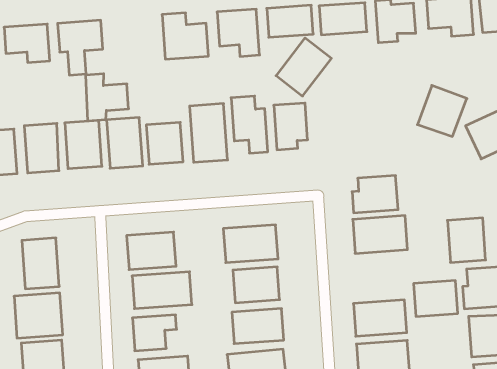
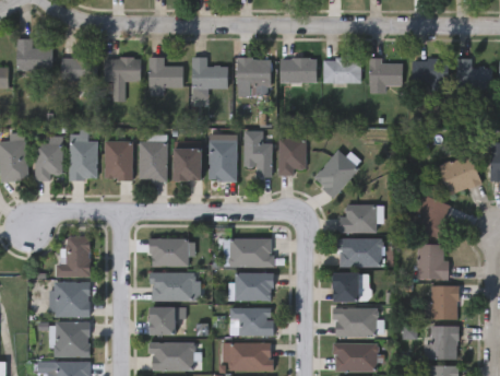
building: [276,38,331,96] -> [312,150,359,198]
building: [86,74,129,121] -> [148,57,183,95]
building: [417,85,467,136] -> [410,196,453,239]
building: [414,281,458,316] -> [333,274,368,302]

